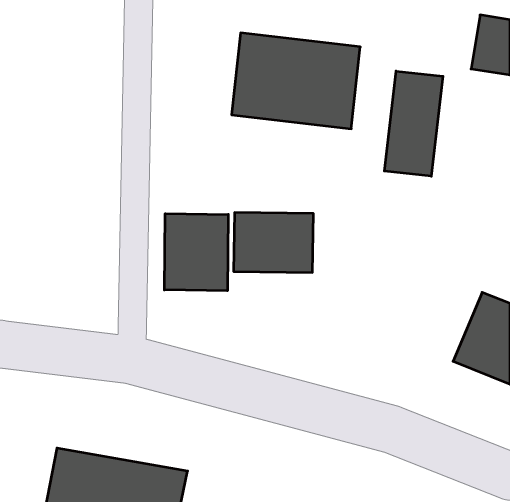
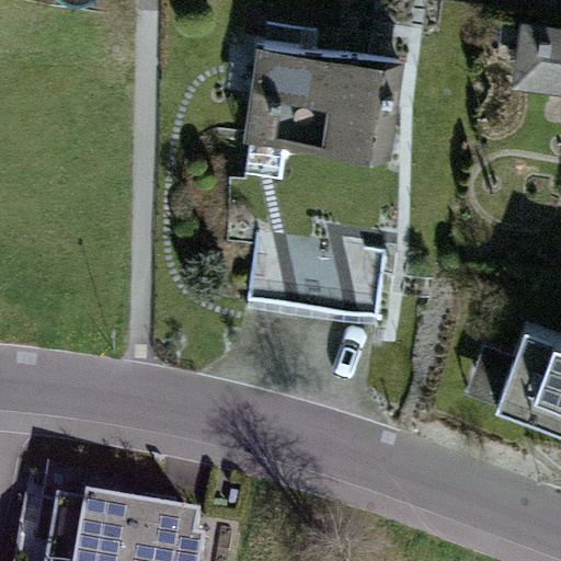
building: [384,71,443,176] -> none
building: [164,214,228,291] -> none

